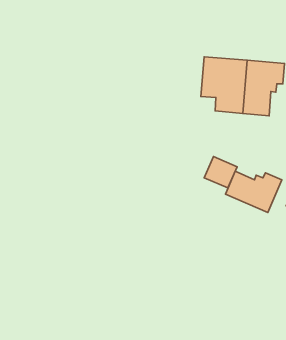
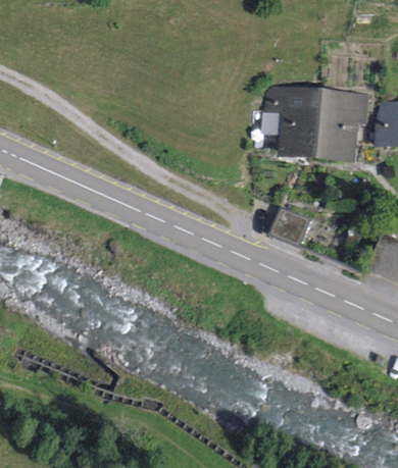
building: [226,171,282,213] -> none

